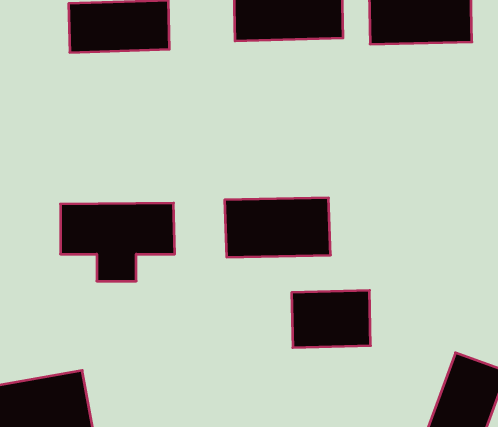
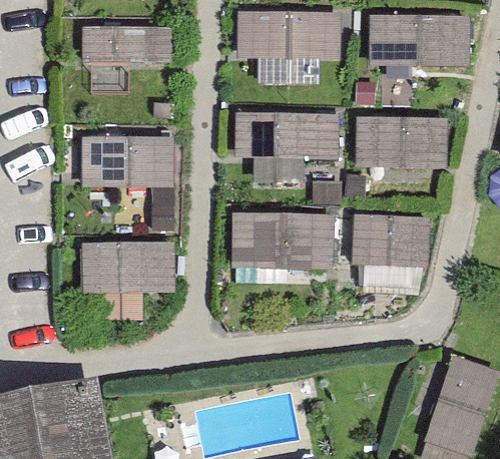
building: none -> [236,110,340,160]
building: none -> [359,118,446,174]
building: none -> [85,133,171,186]
building: [292,290,371,348] -> [356,214,432,270]

